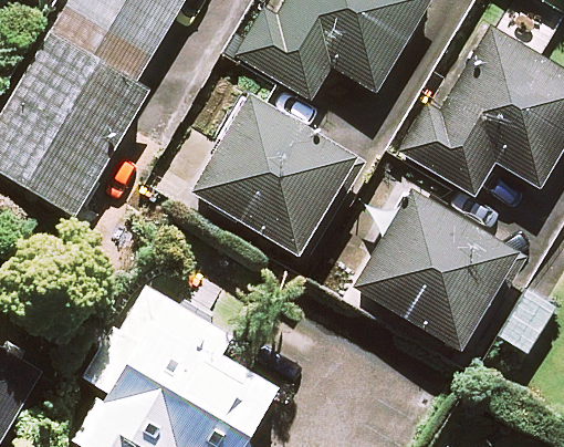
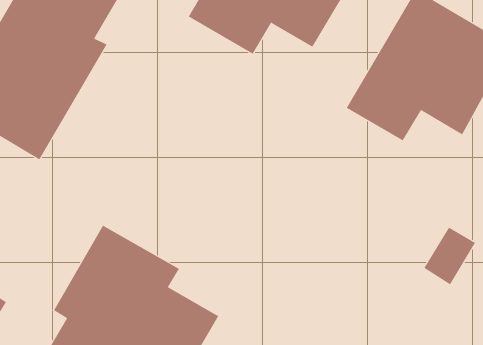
building: [190,96,353,253] -> none
building: [354,189,516,349] -> none

